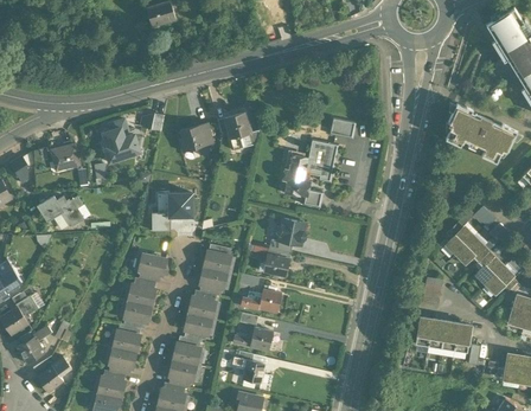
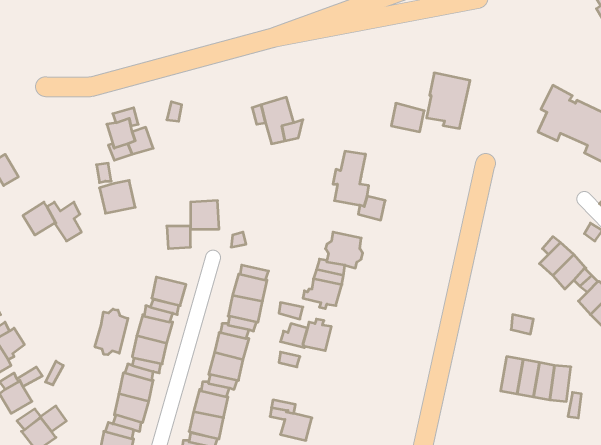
building: [178,121,216,154] -> none
building: [305,139,339,182] -> [427,73,470,128]
building: [51,143,79,169] -> [99,180,135,213]
building: none -> [95,309,128,355]
building: [232,327,273,349] -> none

